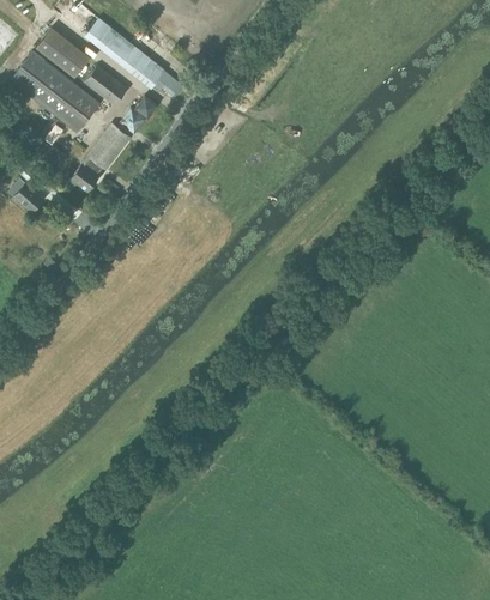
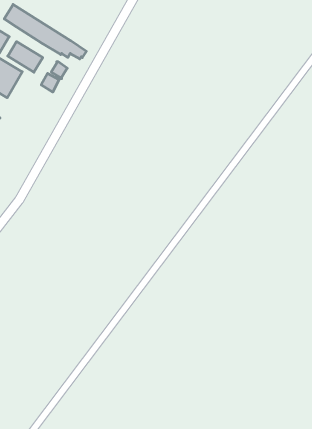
building: [69,122,129,190] -> none

